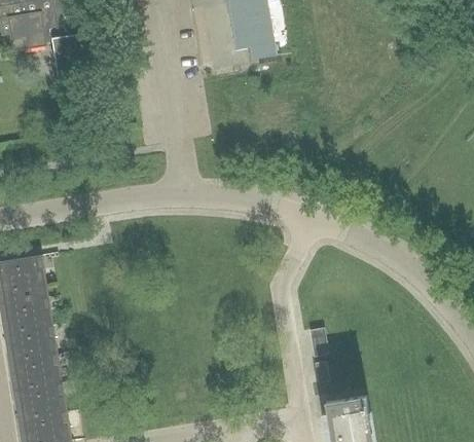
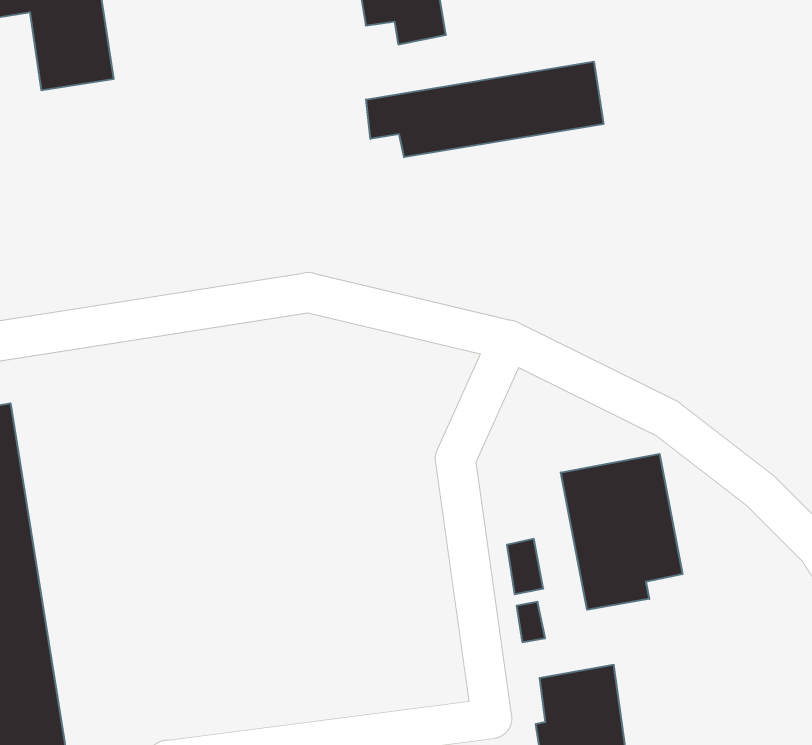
building: none -> [366,62,603,157]
building: none -> [561,454,683,610]

